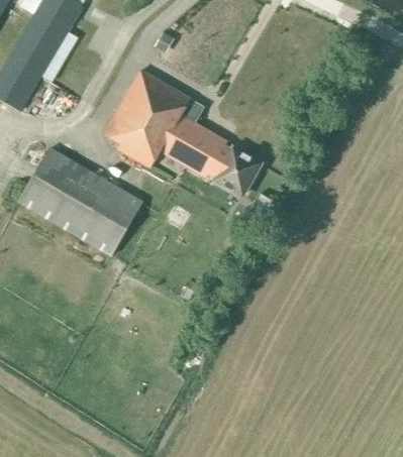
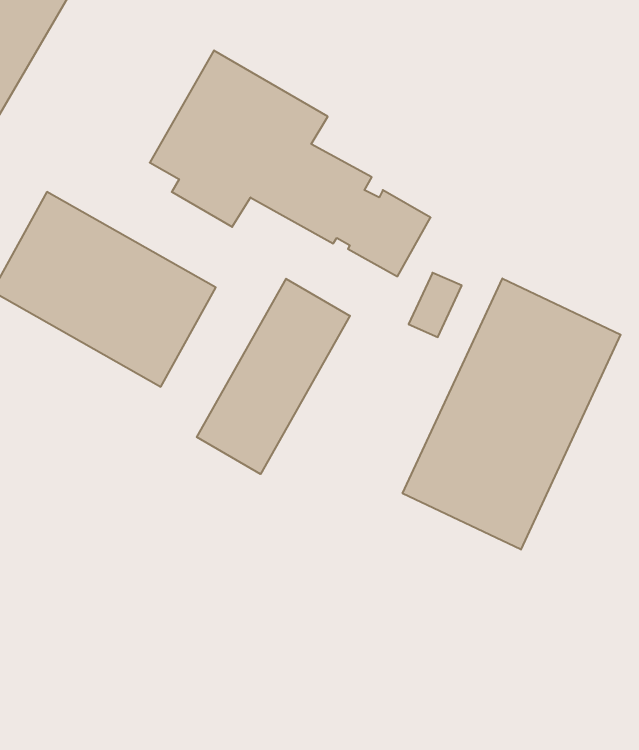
building: none -> [403,278,621,550]
building: none -> [197,279,350,474]

